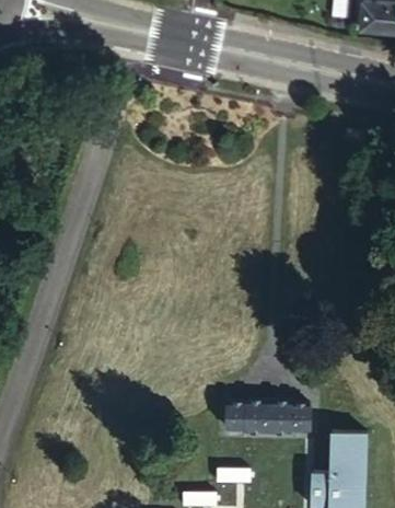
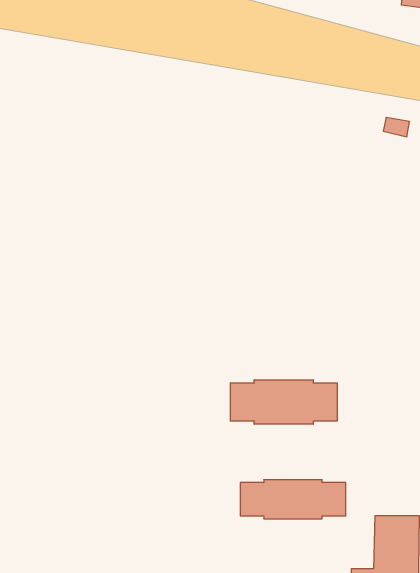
building: none -> [230,380,337,424]

